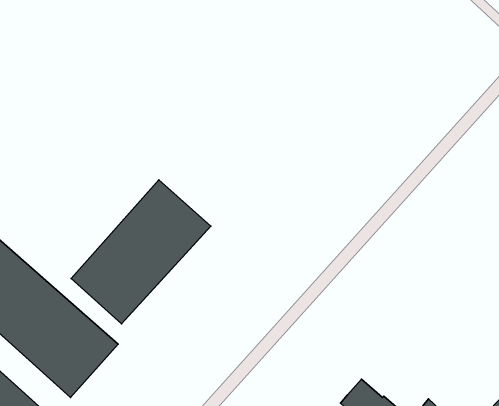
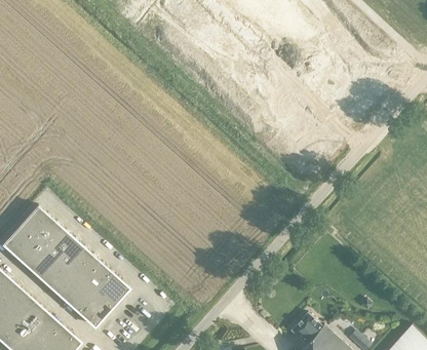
building: [71,180,211,324] -> none

